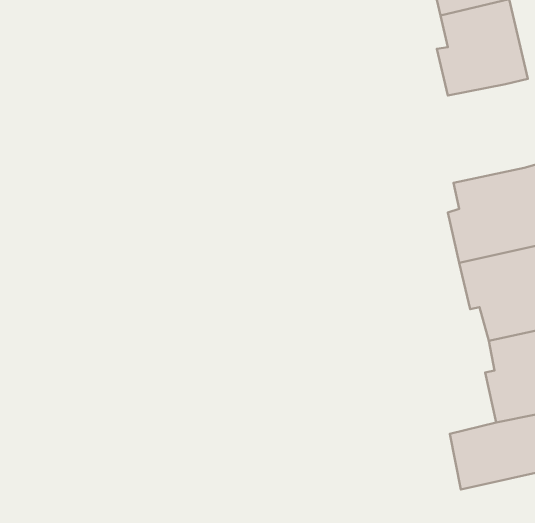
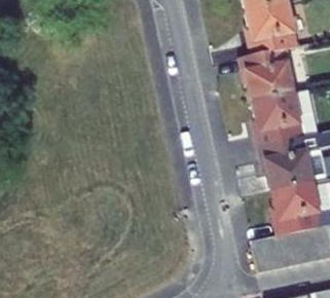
building: none -> [237,48,292,103]

